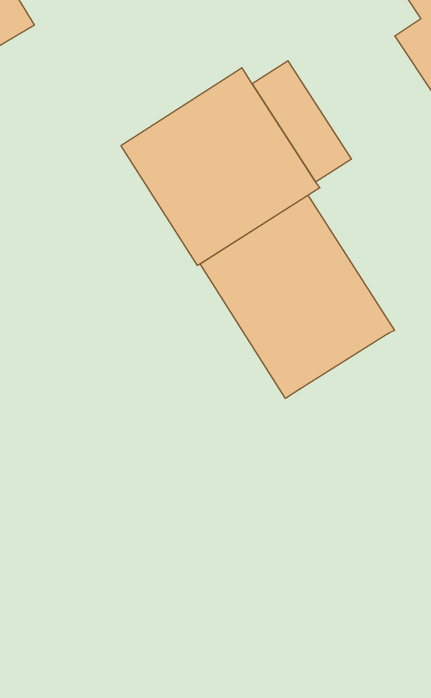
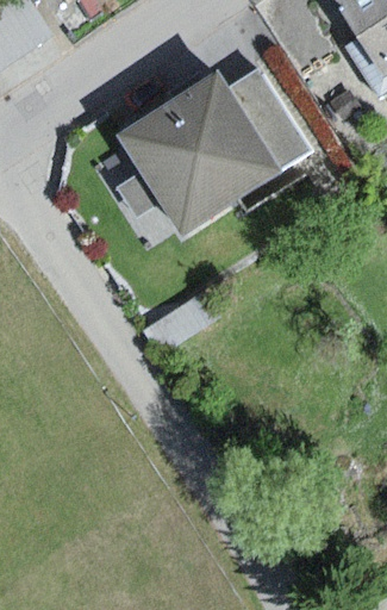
building: [200,195,395,398] -> none

